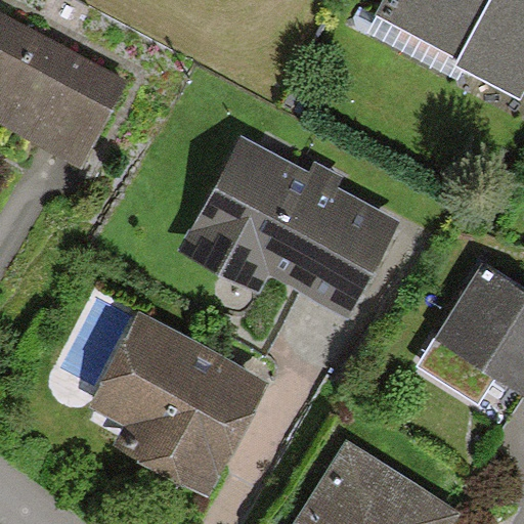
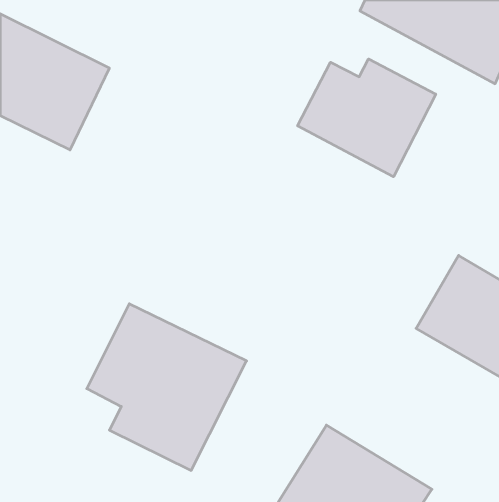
building: none -> [298,59,436,177]
building: [181,138,389,303] -> none

